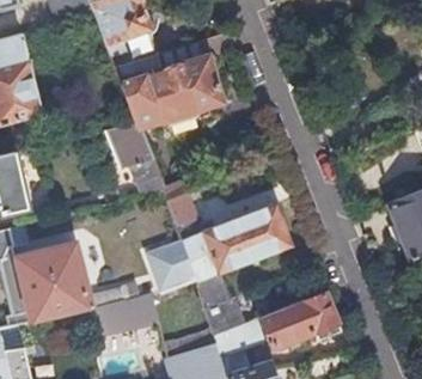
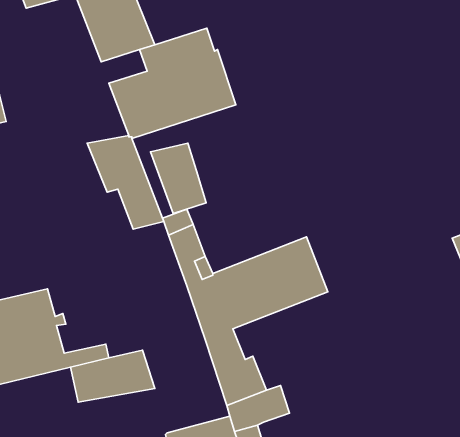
building: none -> [150,143,206,213]
building: [148,242,197,295] -> none
building: [262,293,341,348] -> none

